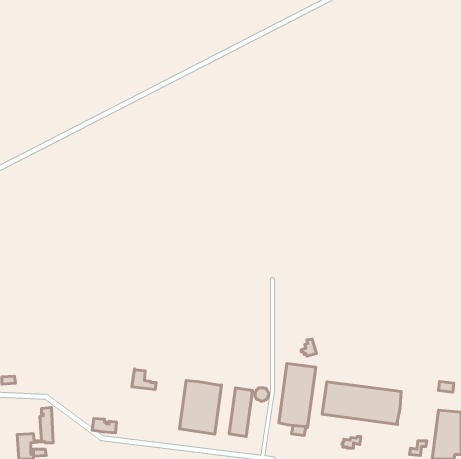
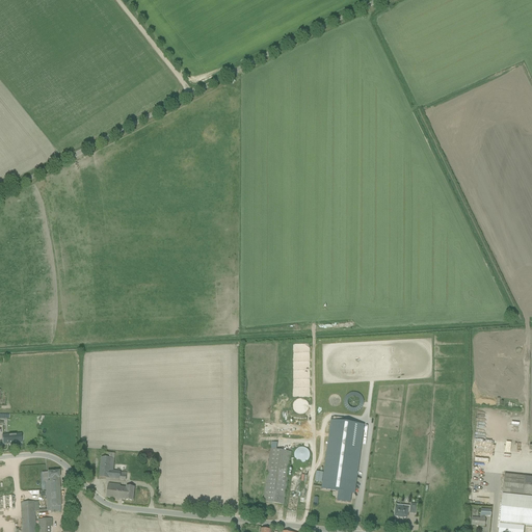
building: [132,369,156,390] -> [99,455,127,479]
building: [180,381,222,434] -> none
building: [322,382,401,424] -> none

